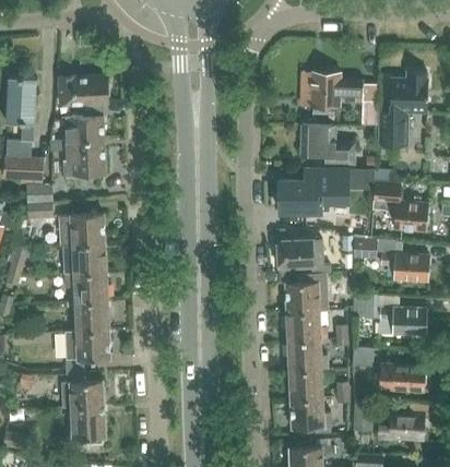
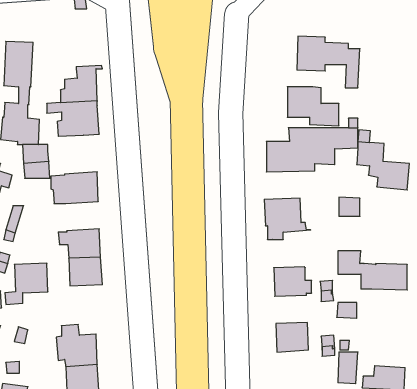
building: [377,72,427,146] -> none
building: [58,75,107,108] -> none
building: [70,243,105,274] -> none
building: [380,252,428,282] -> none
building: [285,273,327,312] -> none
building: [64,330,109,372] -> [5,263,48,304]
building: [287,340,328,370] -> none
building: [379,364,424,391] -> none
building: [289,397,330,429] -> none

